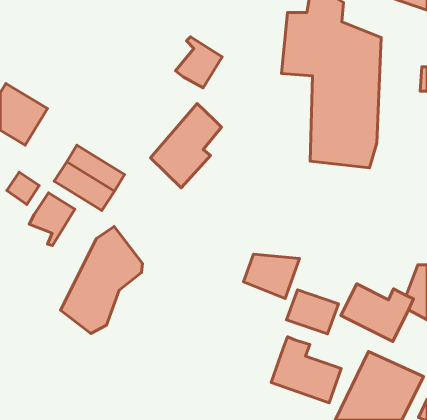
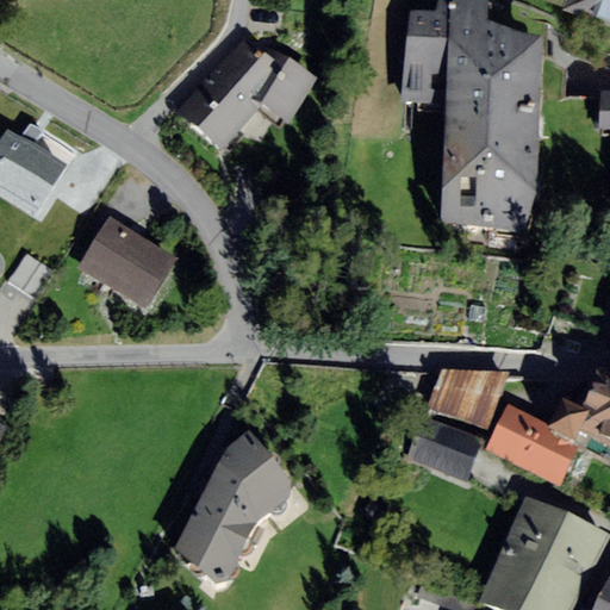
building: [150,104,221,188] -> [175,36,276,156]
building: [29,193,75,246] -> none
building: [61,227,142,334] -> [174,422,291,574]
building: [243,254,299,299] -> [429,368,509,431]
building: [271,337,341,403] -> none

